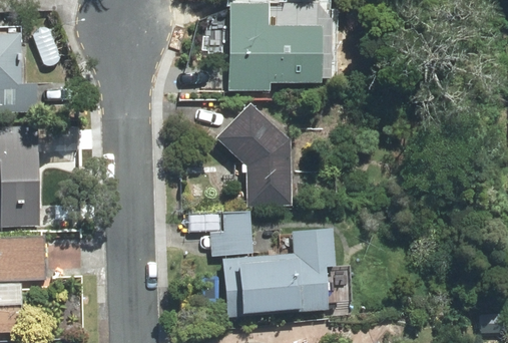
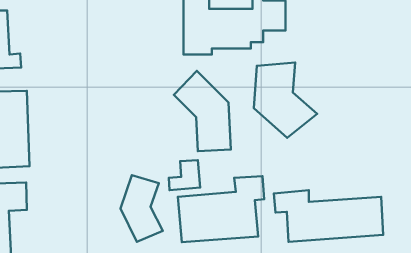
building: none -> [254,63,317,138]
building: none -> [120,175,163,242]
building: none -> [274,190,383,242]

